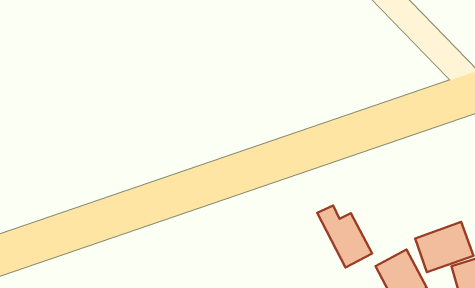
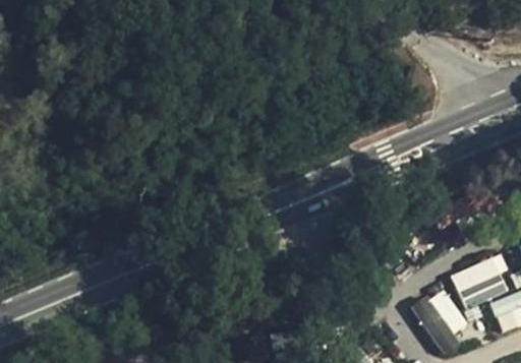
building: [317,206,372,267] -> none

